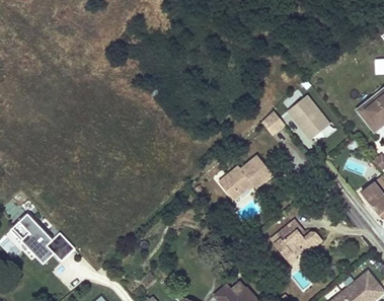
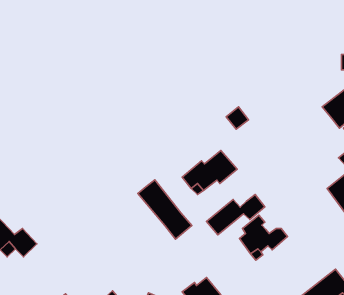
building: [287,96,326,138] -> none
building: none -> [138,180,192,239]
building: none -> [206,194,265,235]

